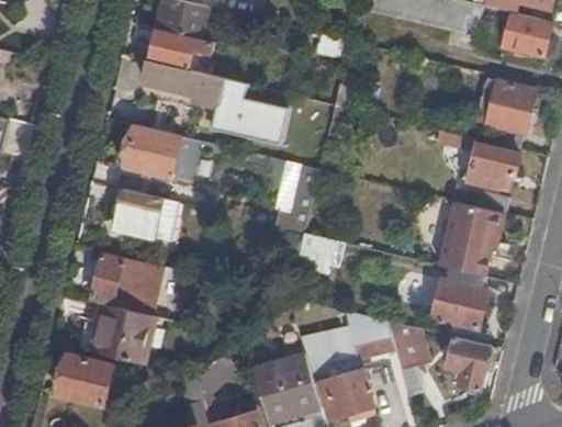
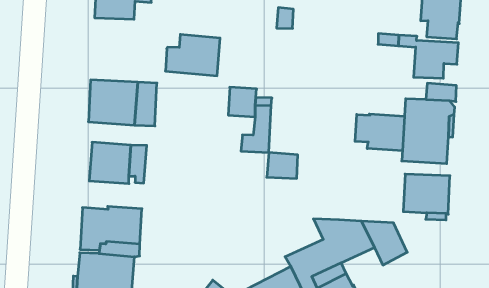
building: [143,61,235,108] -> none
building: none -> [355,114,405,151]
building: [446,336,491,391] -> none

